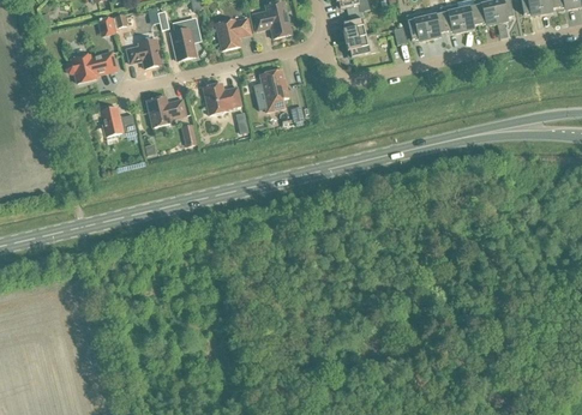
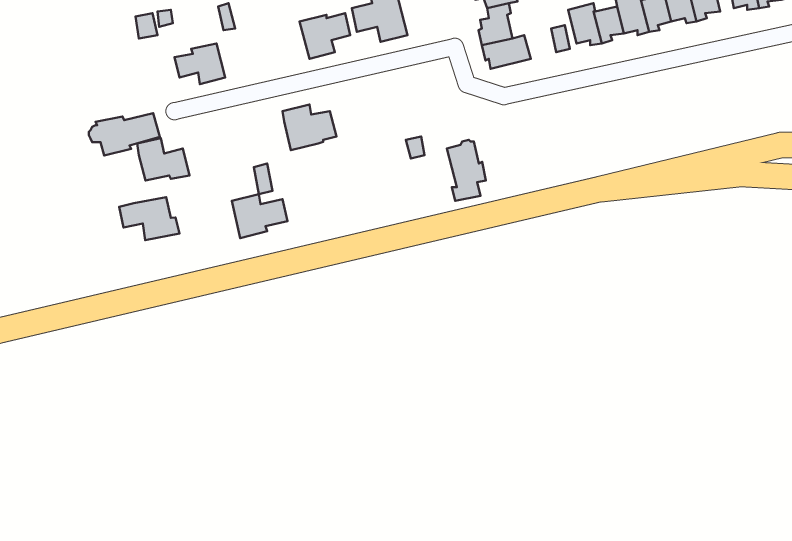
building: [170,17,202,60] -> none
building: [66,52,116,82] -> [89,113,160,156]
building: [260,67,288,110] -> [447,140,486,201]
building: [146,95,186,126] -> [232,194,288,238]
building: none -> [119,197,180,240]

